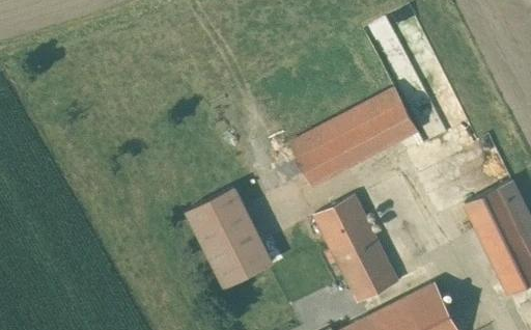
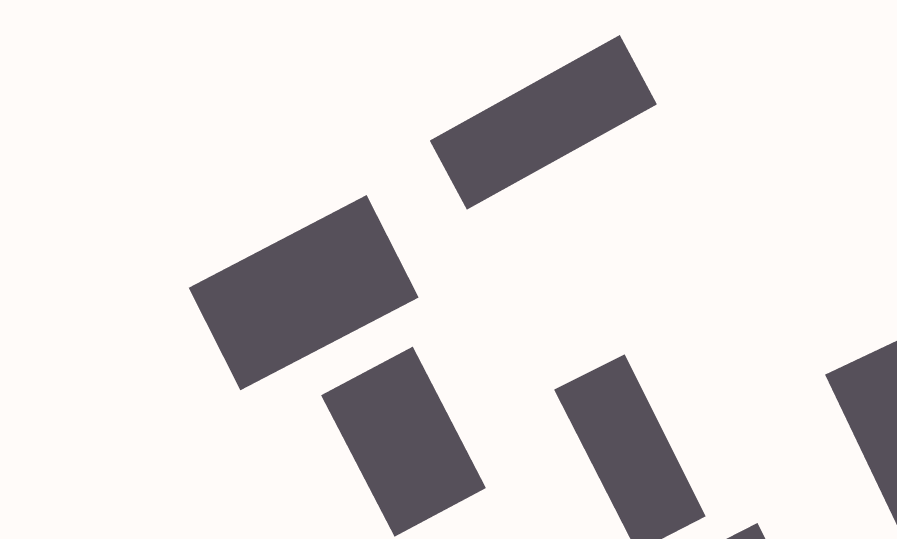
building: [290,84,416,181] -> [429,34,658,211]
building: none -> [188,194,419,391]

